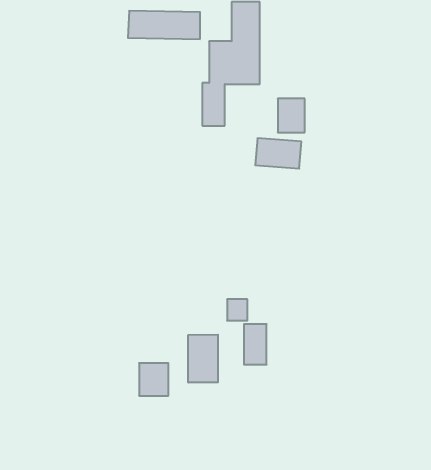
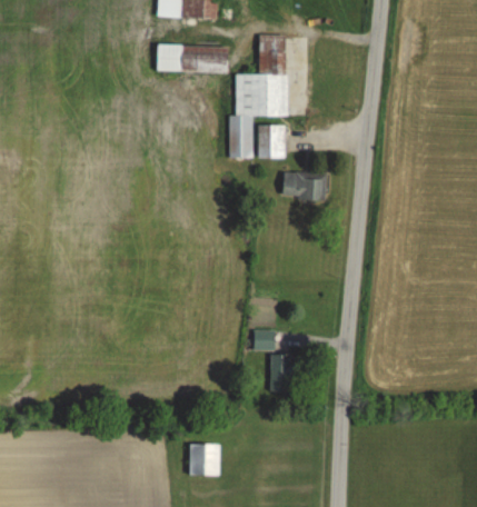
building: [278,99,305,132] -> [258,125,285,158]
building: [188,335,218,383] -> none
building: [139,363,168,396] -> [189,444,218,476]

